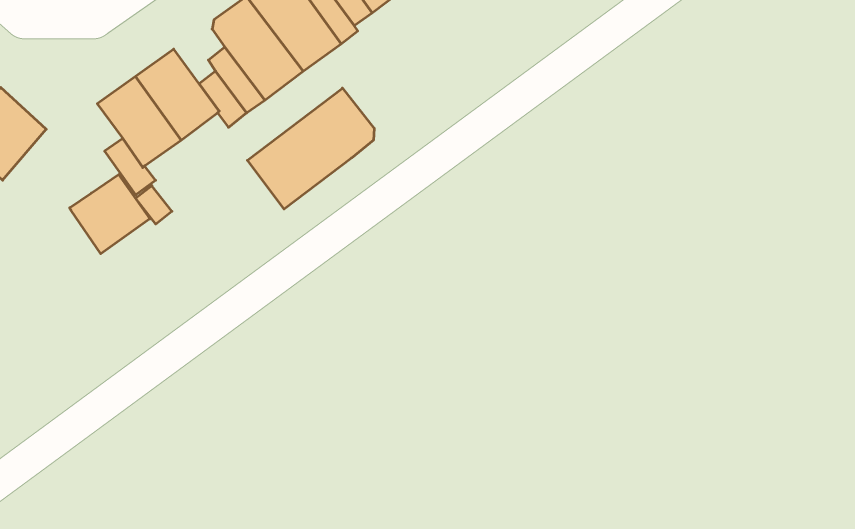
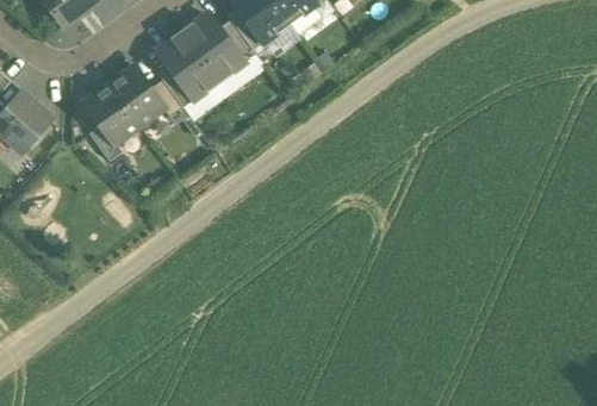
building: [247,88,374,209] -> none
building: [70,175,150,254] -> none

